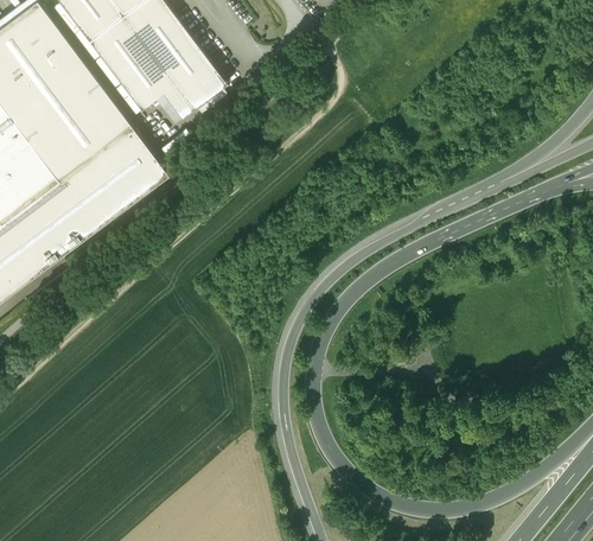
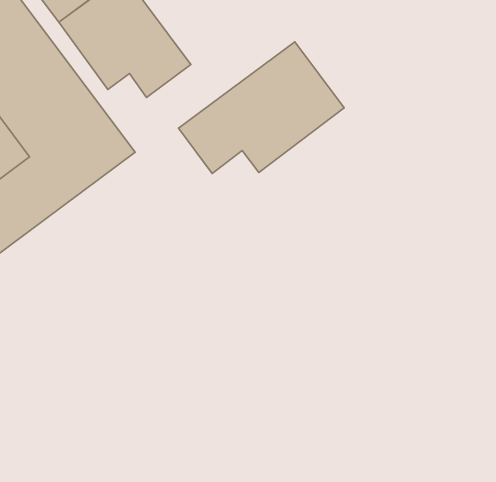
building: none -> [179,42,344,174]

